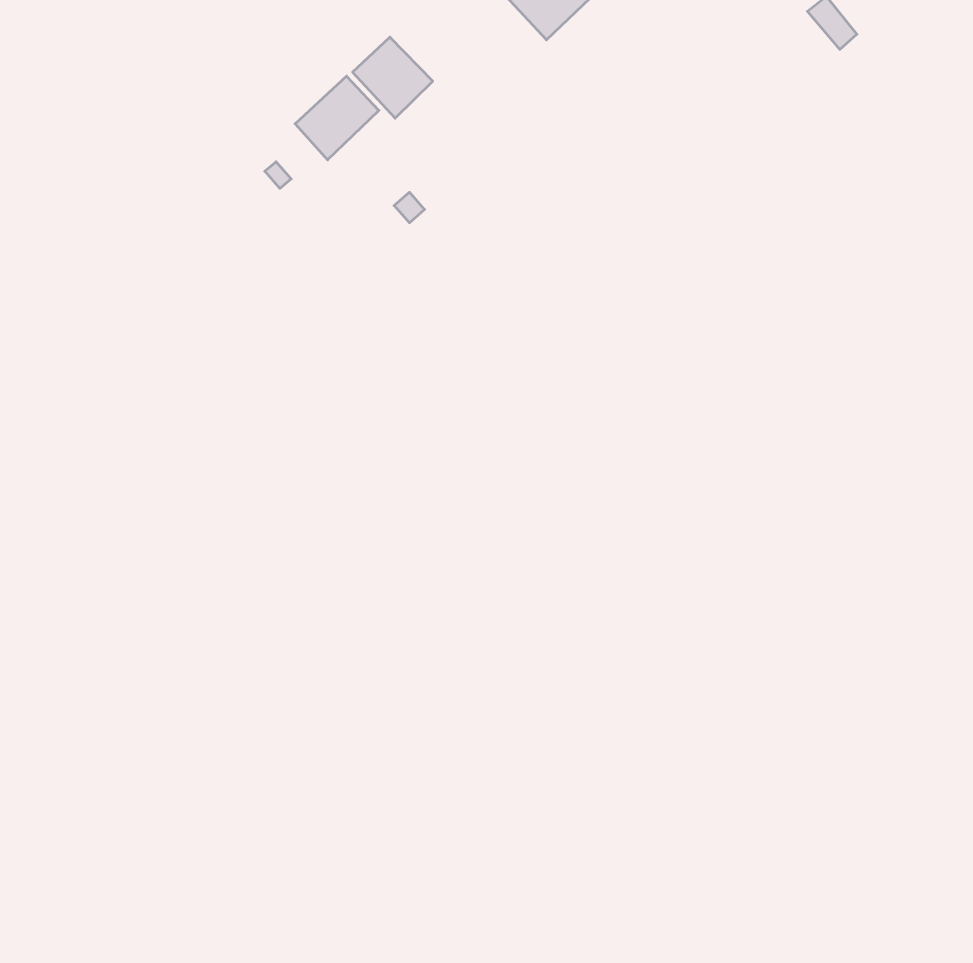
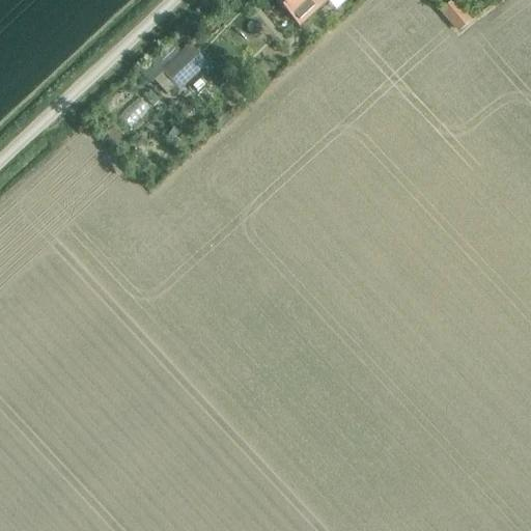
building: [353,37,433,118] -> none

